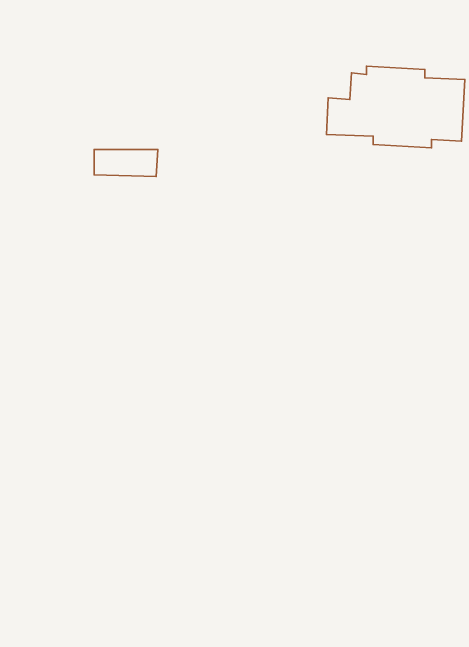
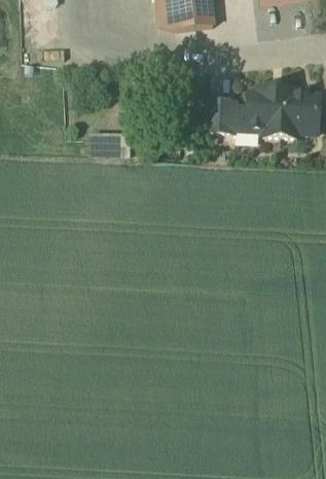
building: none -> [209,98,237,130]

